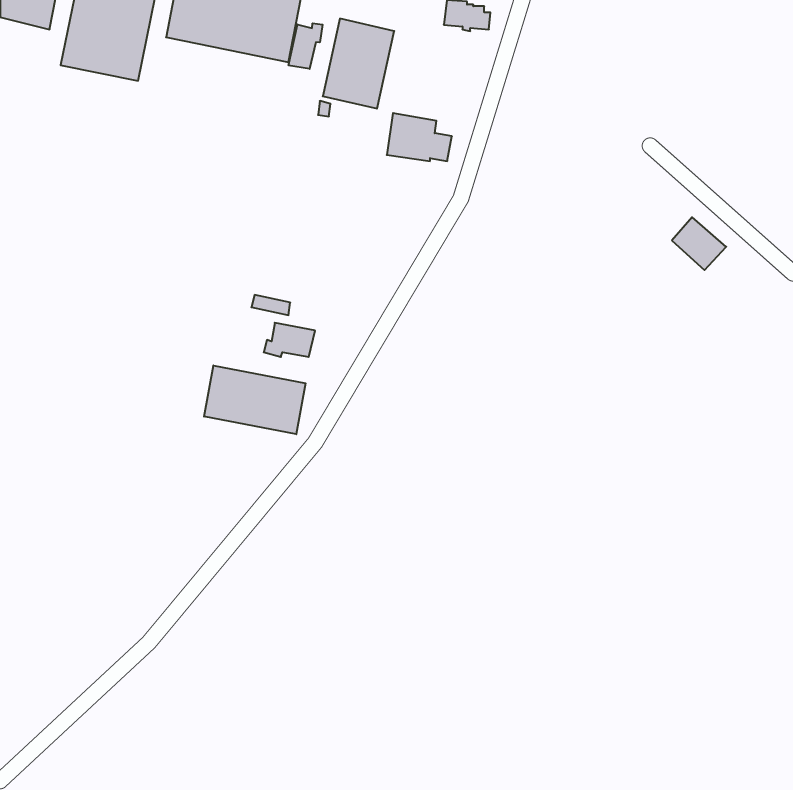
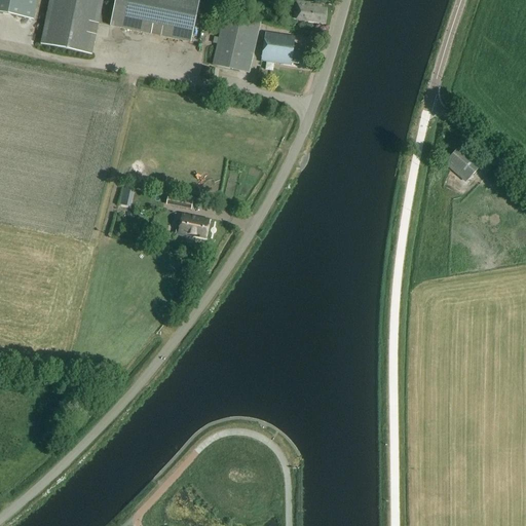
building: [289,23,323,69] -> none
building: [387,113,452,161] -> [262,31,305,63]
building: [204,365,306,434] -> none

